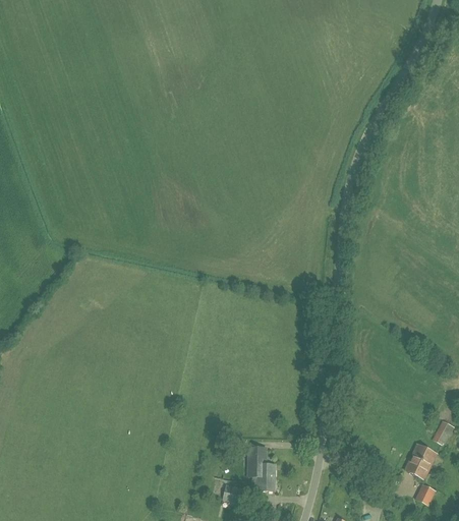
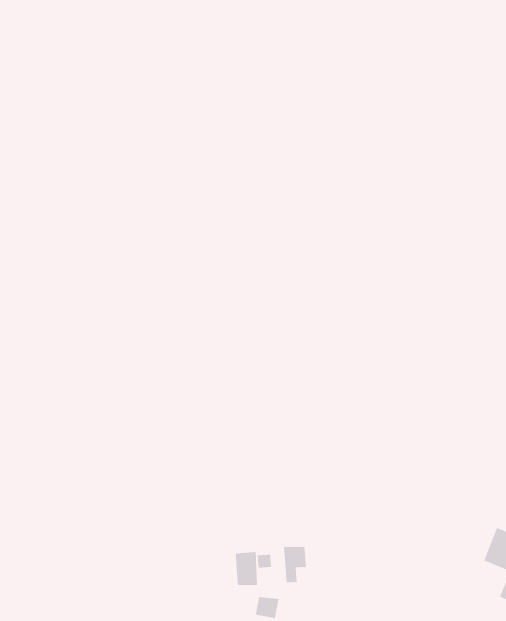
building: [257,464,275,490] -> [235,552,258,585]

